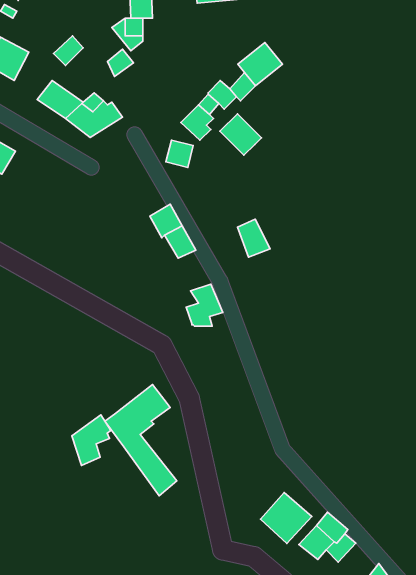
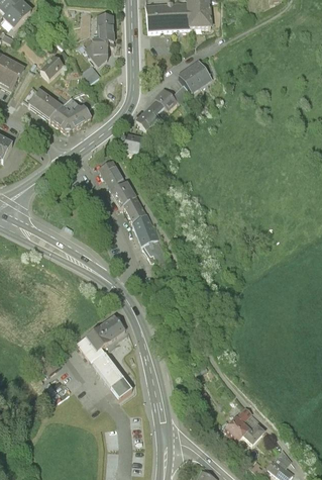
building: [220,114,262,155] -> none
building: none -> [99,158,127,189]
building: [238,219,270,257] -> [133,214,157,243]
building: [72,415,111,466] -> none
building: [260,493,312,544] -> none

